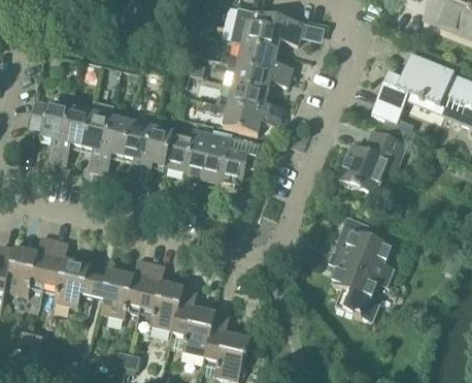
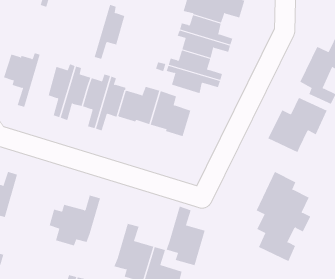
building: [57,99,90,163] -> [94,4,125,59]
building: [42,238,97,306] -> none
building: [138,260,182,328] -> [166,206,205,266]

